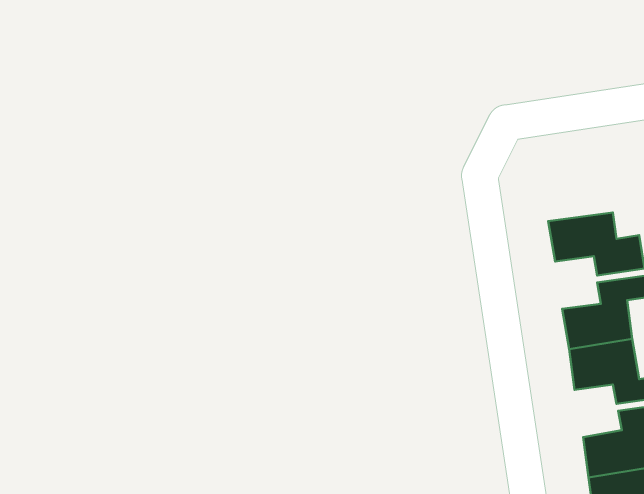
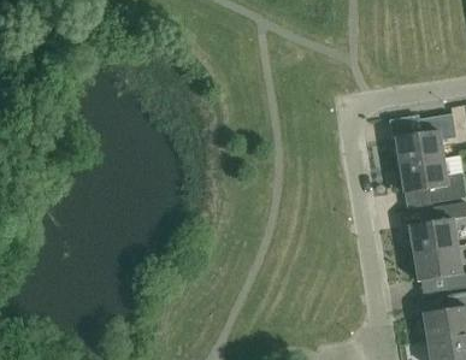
building: none -> [394,114,455,165]

